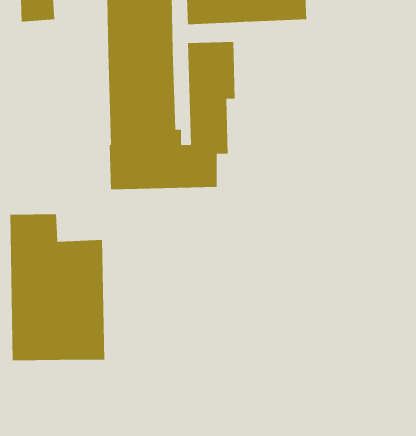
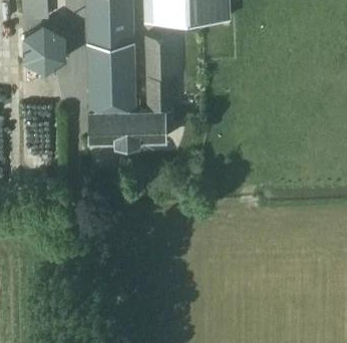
building: none -> [24,28,64,74]
building: [10,214,105,361] -> none

